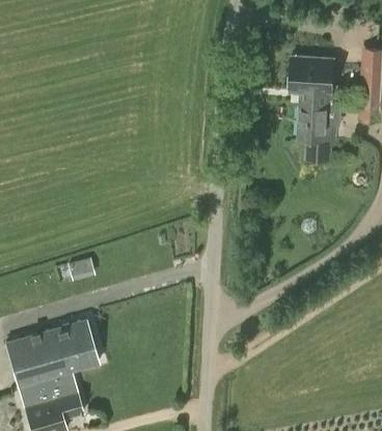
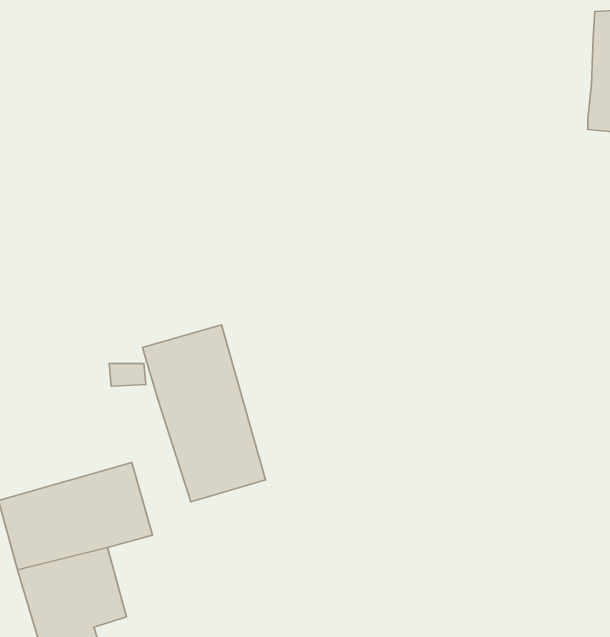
building: [291,57,344,164] -> none
building: none -> [142,325,266,502]

